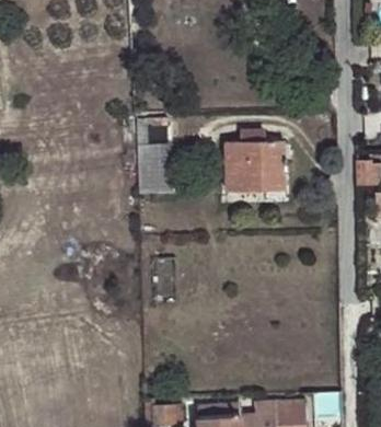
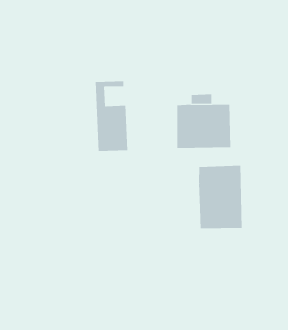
building: none -> [199,165,242,229]

